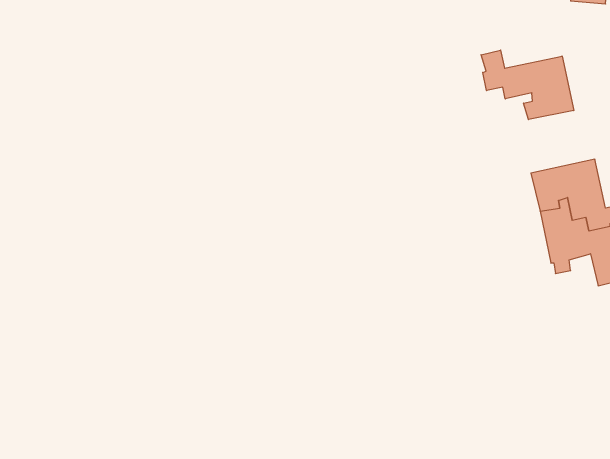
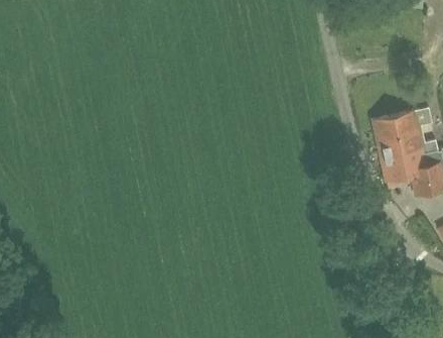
building: [481,50,574,120] -> none

